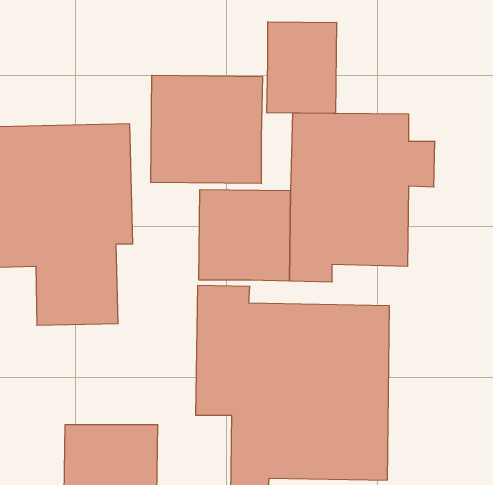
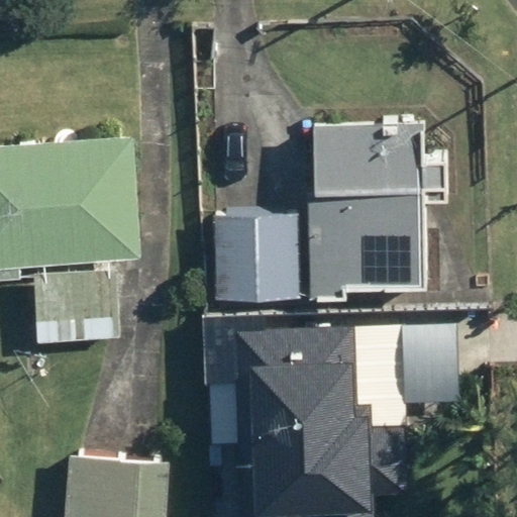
building: [267,22,337,114] -> none
building: [151,75,262,184] -> none

